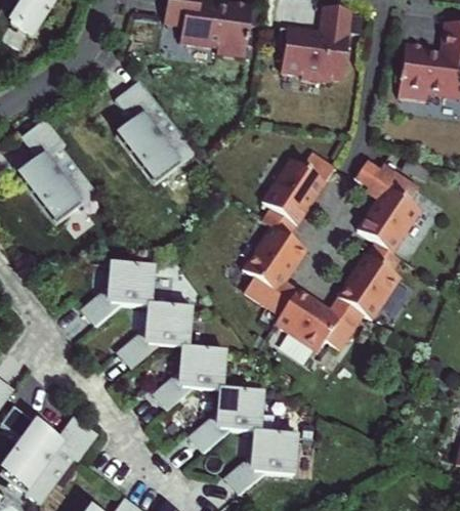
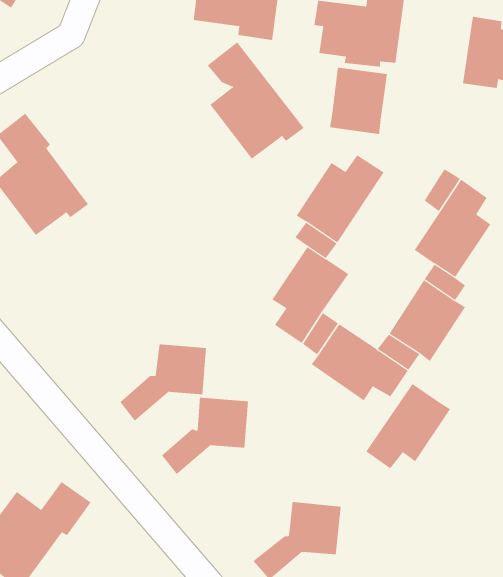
building: [114,79,193,174] -> [207,41,305,160]
building: none -> [330,67,387,135]
building: [82,263,153,325] -> none
building: none -> [366,383,451,469]
building: [191,388,262,451] -> none

